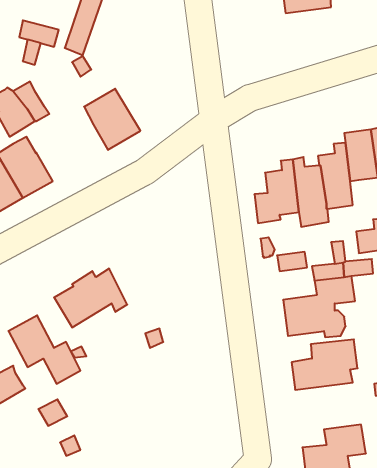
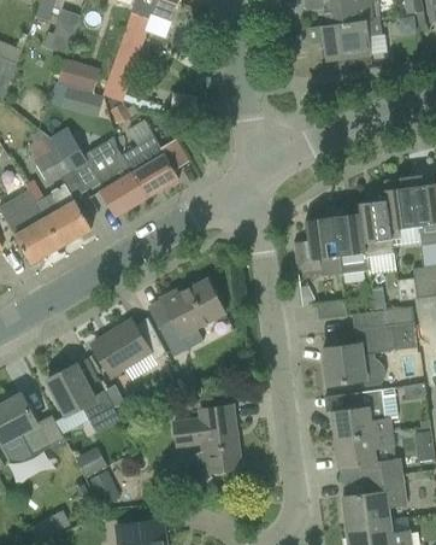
building: none -> [88,136,147,216]
building: none -> [159,279,225,357]
building: none -> [173,405,241,493]
building: none -> [335,432,401,479]

